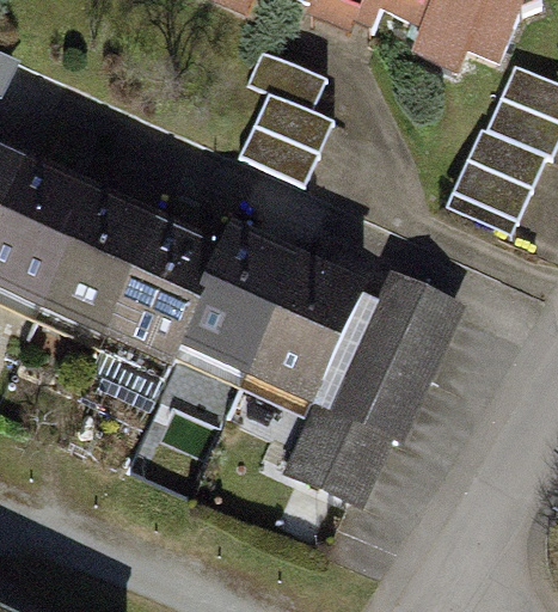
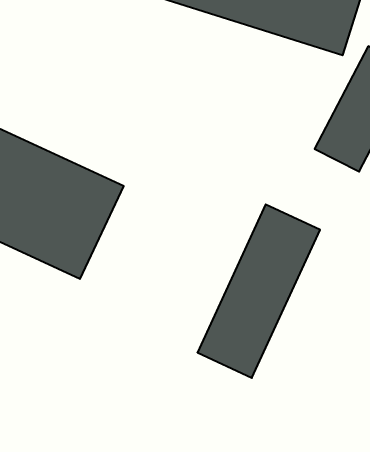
building: [235,36,339,183] -> none
building: [176,240,362,405] -> none

